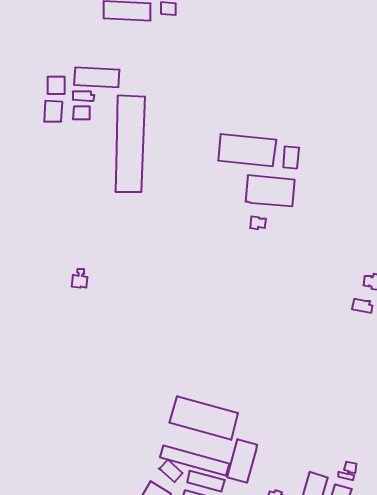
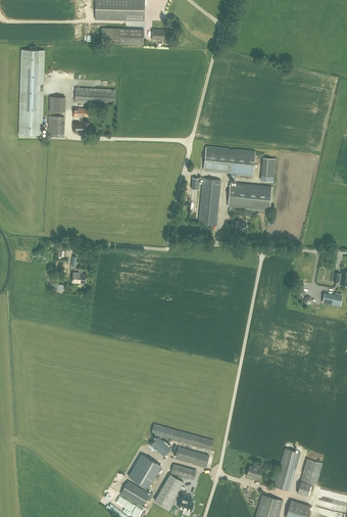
building: [115,96,145,192] -> [17,49,44,135]
building: none -> [197,178,219,225]
building: [169,396,238,440] -> none
building: [227,439,257,483] -> none

